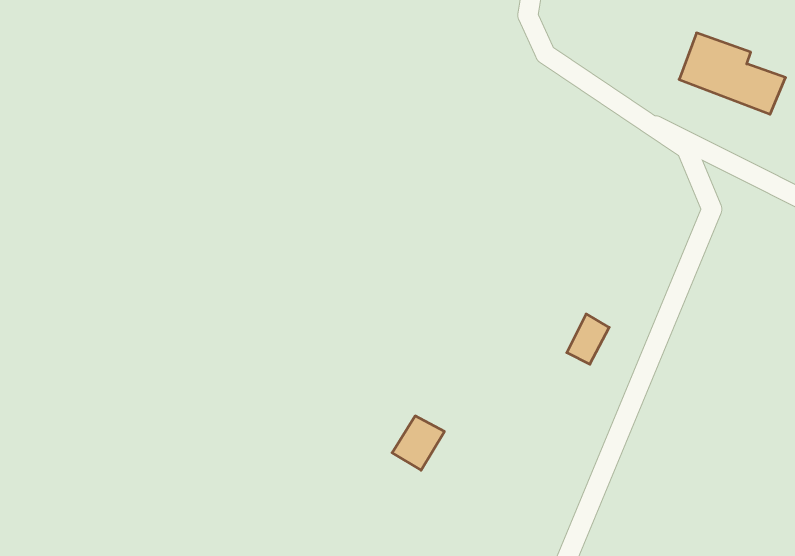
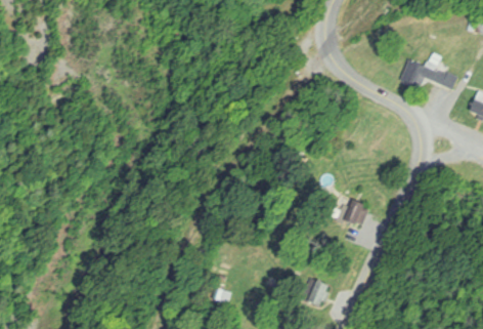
building: [392,416,444,470] -> [301,279,328,307]

